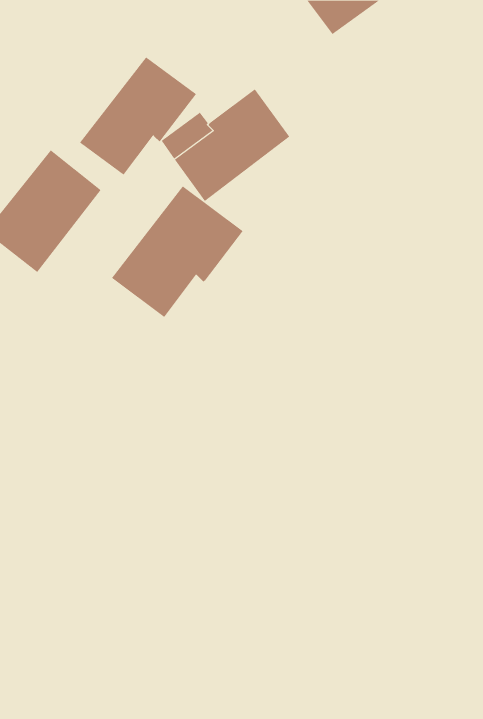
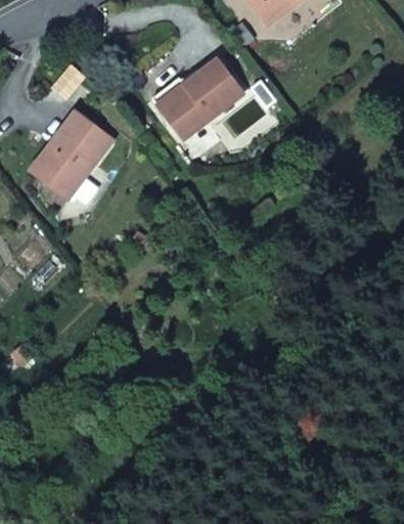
building: [79,56,197,176] -> none
building: [111,186,244,318] -> none

